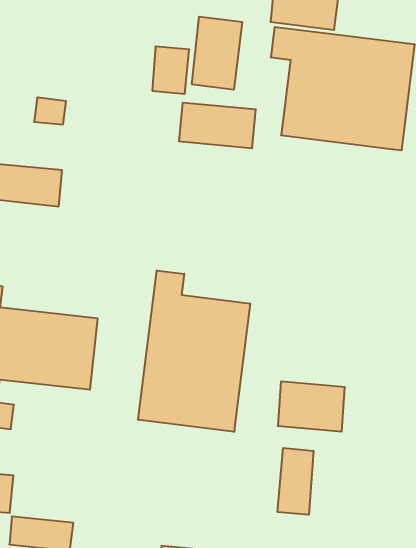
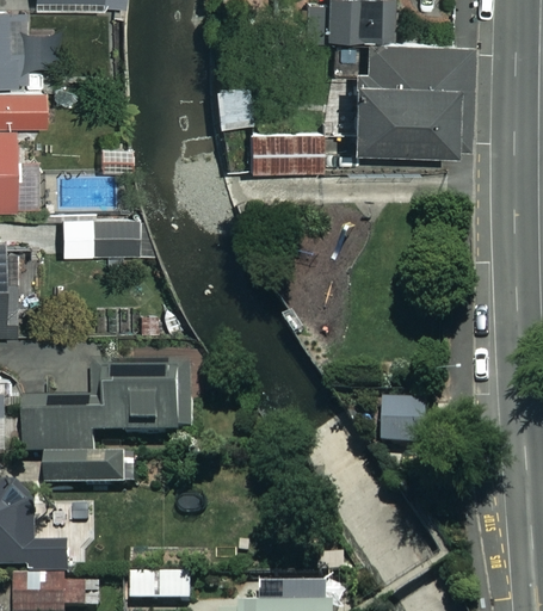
building: [192,17,242,90] -> none
building: [138,270,250,432] -> none
building: [278,448,313,515] -> none

